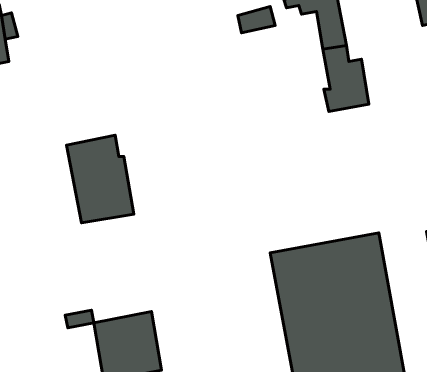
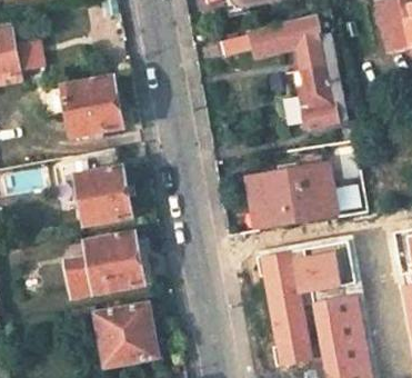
building: none -> [63,78,121,136]
building: none -> [248,163,338,227]
building: none -> [66,235,142,296]

